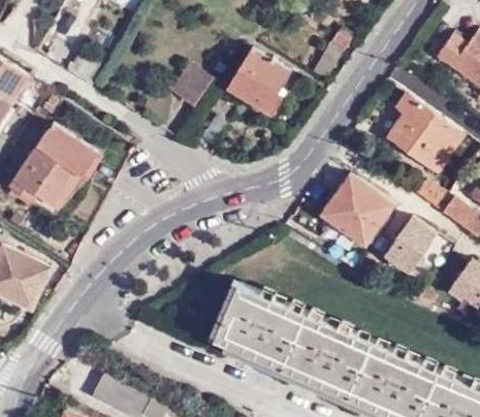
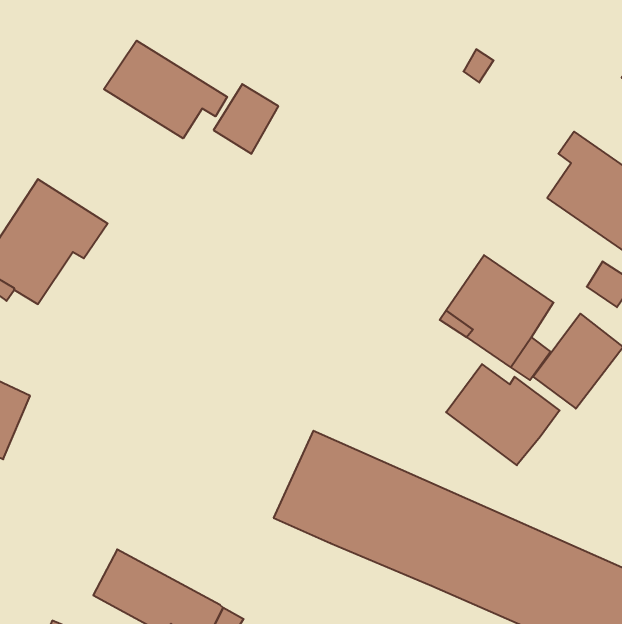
building: none -> [104,41,227,138]
building: [226,49,288,114] -> none
building: none -> [446,364,560,465]

